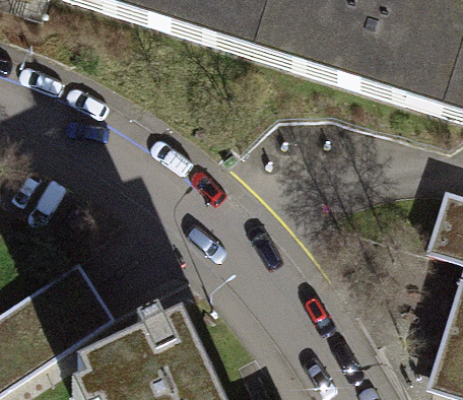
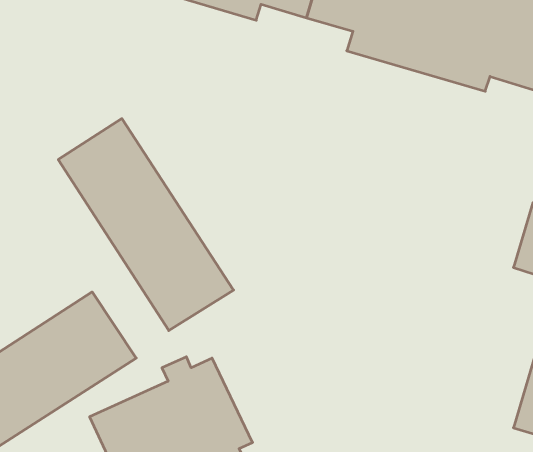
building: none -> [58,119,234,331]

